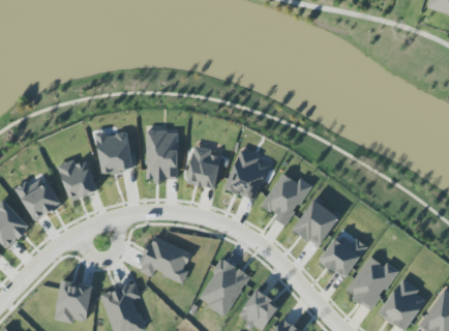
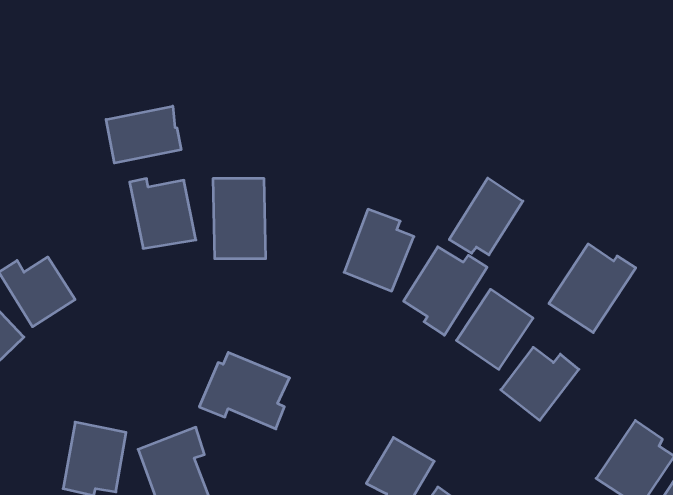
building: none -> [106,106,181,163]
building: none -> [449,178,523,255]
building: [187,145,220,187] -> none
building: [58,158,98,200] -> none
building: [346,254,398,308] -> [549,244,636,333]
building: [199,258,250,315] -> none

